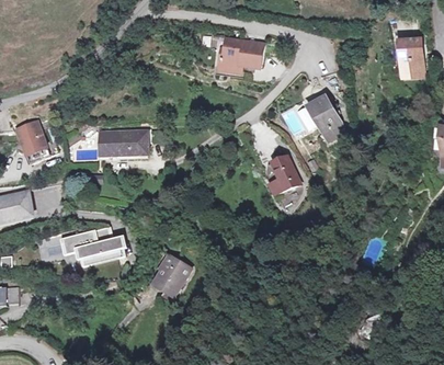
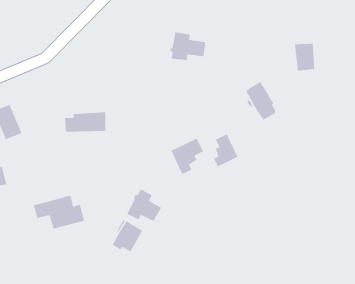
building: [399,38,423,71] -> [294,43,315,71]
building: none -> [170,138,204,175]
building: none -> [126,188,162,222]

